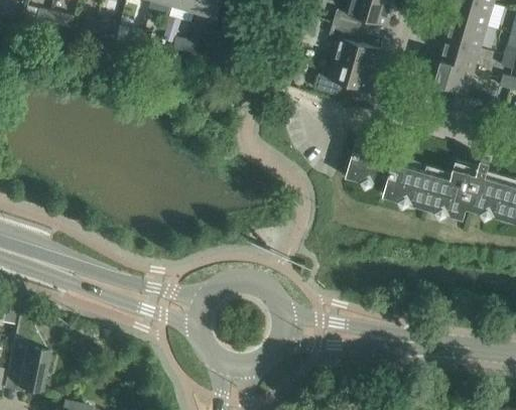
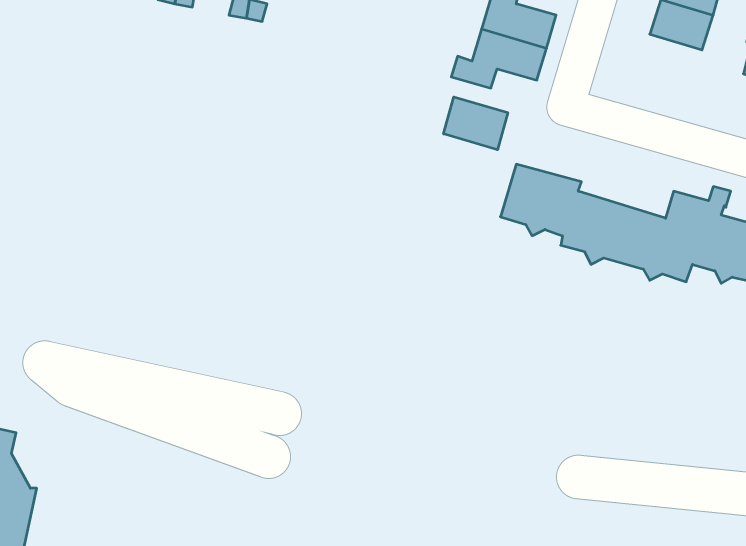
building: [435,62,475,95] -> none
building: none -> [444,97,508,150]

